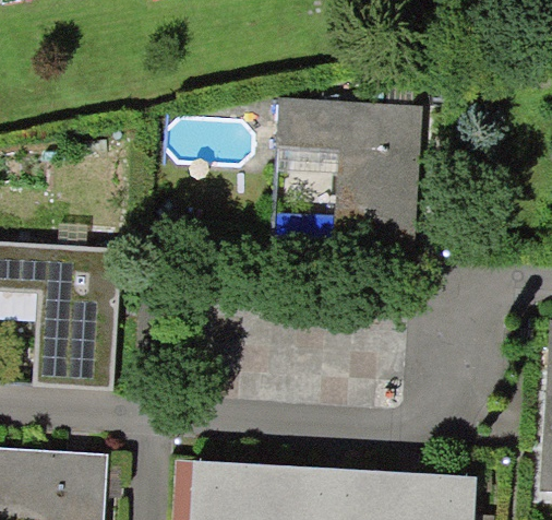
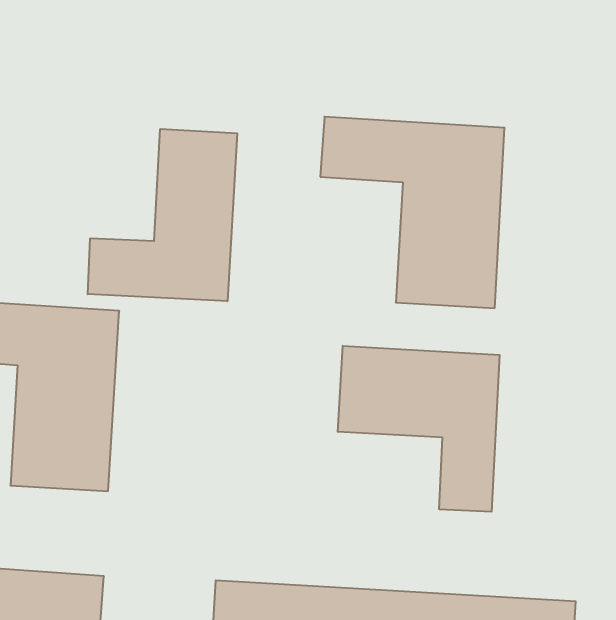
building: none -> [88,129,237,301]
building: none -> [338,346,500,512]

